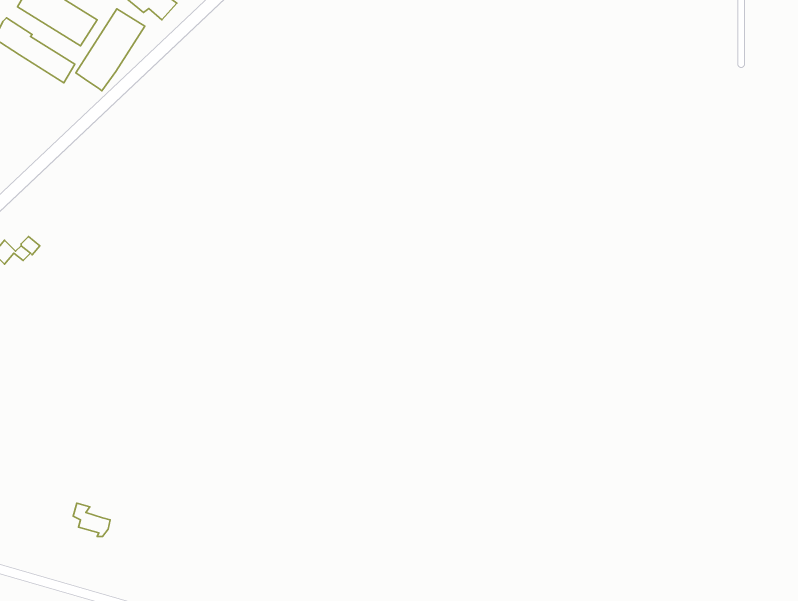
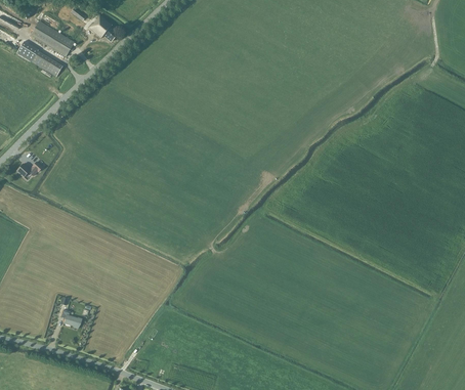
building: [76,9,145,91] -> none

